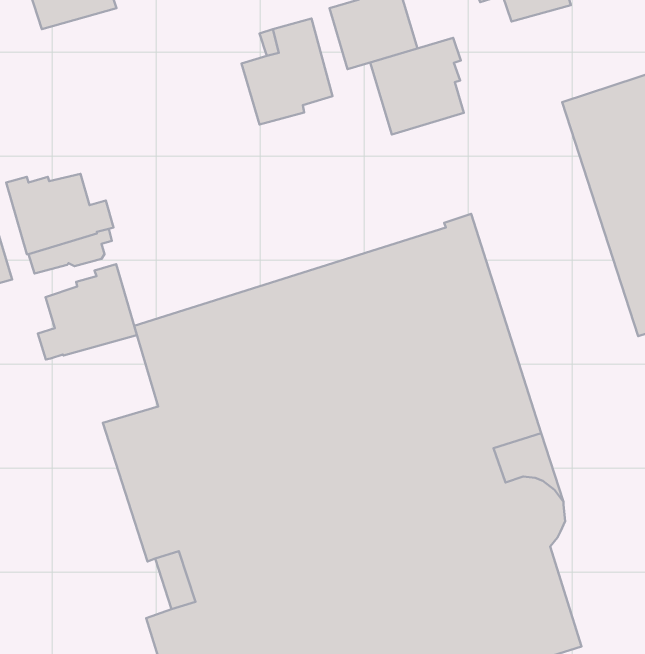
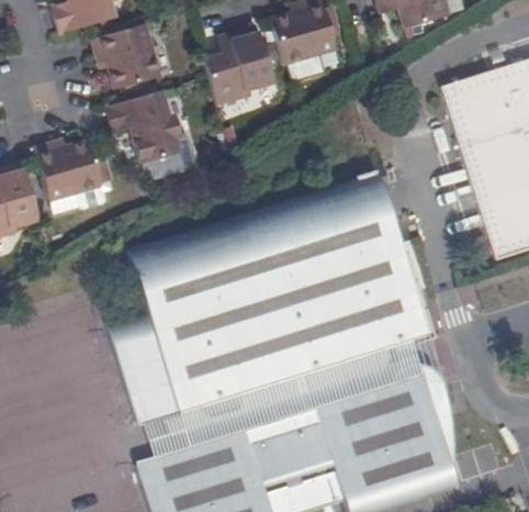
building: none -> [92,23,159,88]
building: [370,38,464,135] -> none
building: none -> [105,91,178,163]
building: [38,264,137,360] -> none

